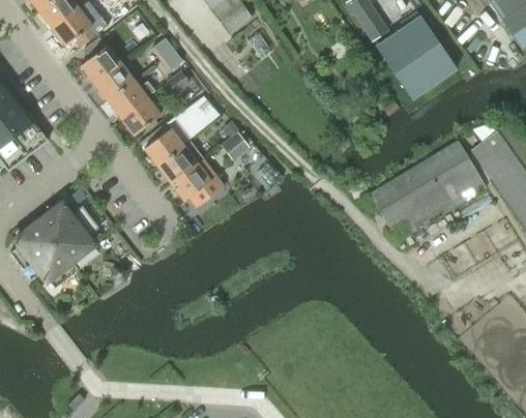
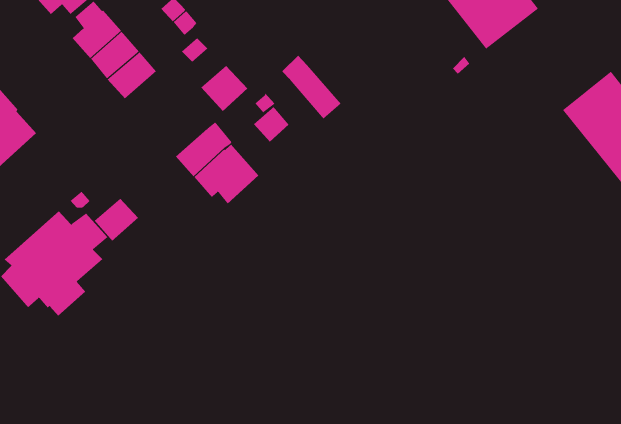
building: none -> [281,55,341,120]
building: [120,93,160,136] -> none
building: [144,128,184,167] -> none
building: [368,141,485,241] -> none
building: none -> [94,198,139,242]

